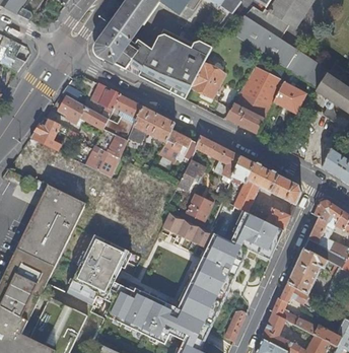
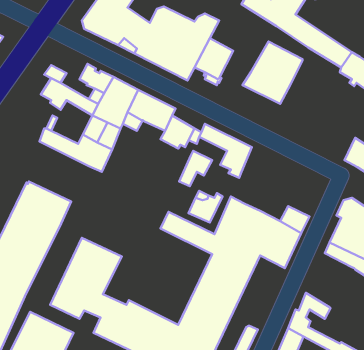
building: [274,81,306,113] -> none
building: [225,102,265,132] -> none
building: [29,120,60,147] -> none
building: [231,156,300,211] -> none
building: [287,248,327,294] -> none

